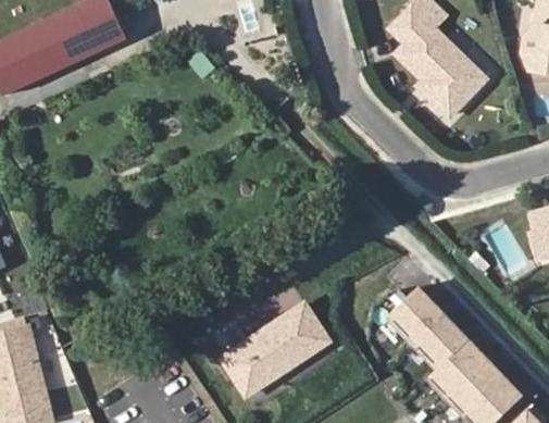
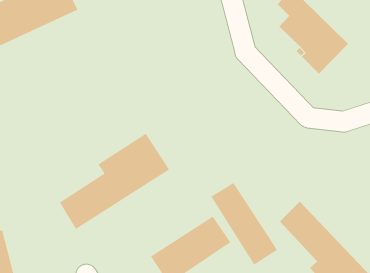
building: none -> [59,133,170,230]
building: none -> [210,182,278,265]

